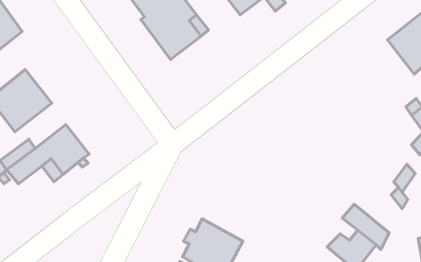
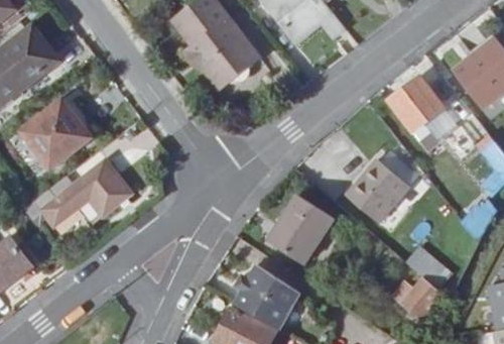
building: none -> [388,77,445,151]
building: none -> [346,158,408,222]
building: none -> [267,195,333,264]

